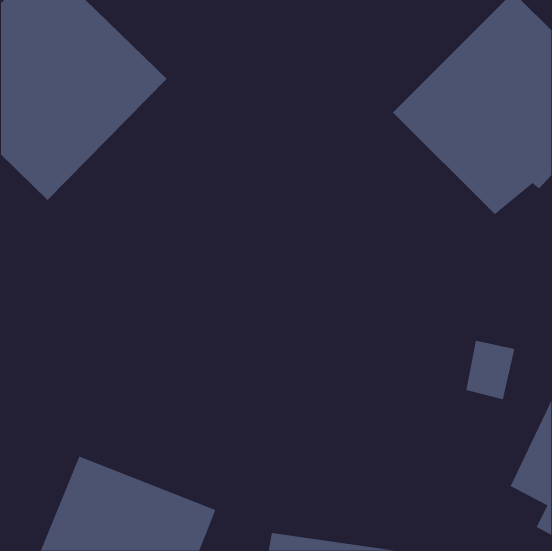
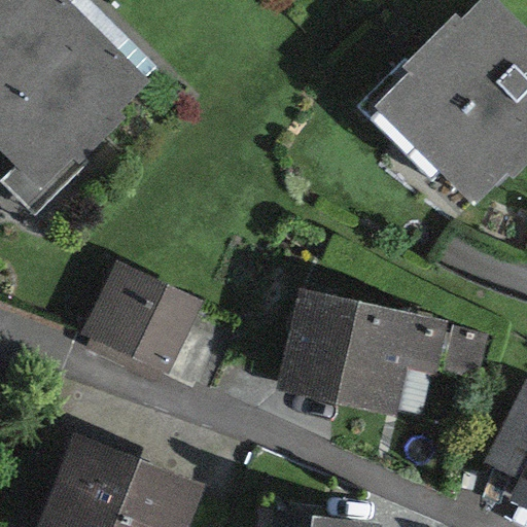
building: none -> [80,260,205,374]
building: none -> [276,289,447,417]

